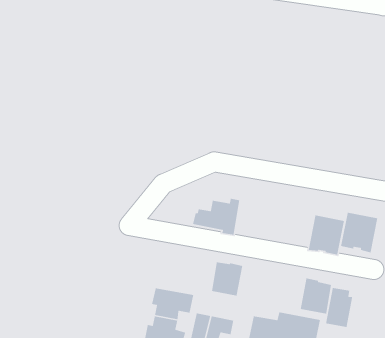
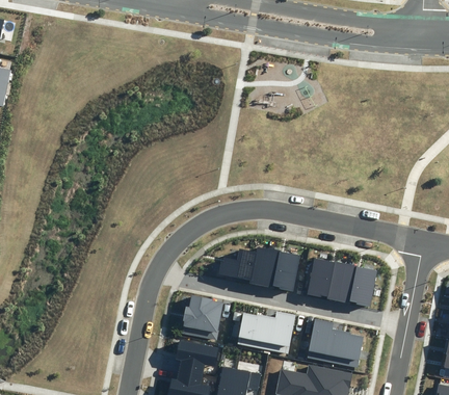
building: none -> [261,248,300,292]
building: [340,212,378,254] -> [306,258,345,301]
building: none -> [181,295,222,339]
building: none -> [264,312,294,353]
building: [325,287,353,328] -> [307,320,336,363]

